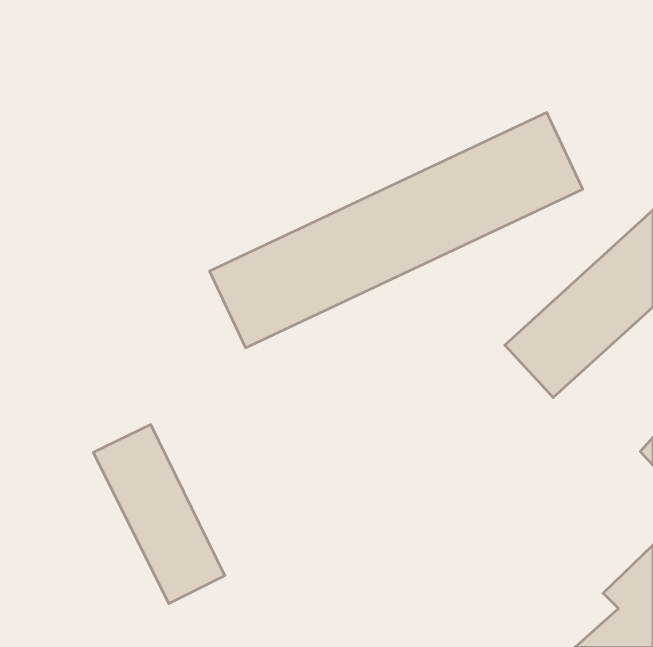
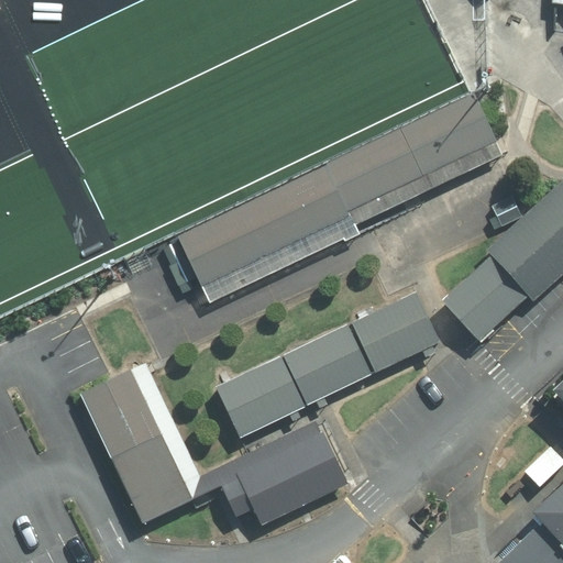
building: none -> [219,298,433,438]
building: none -> [217,429,349,523]

